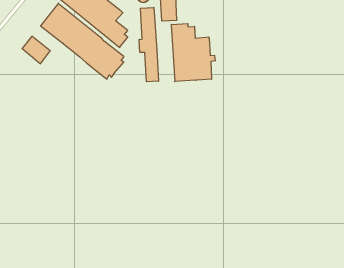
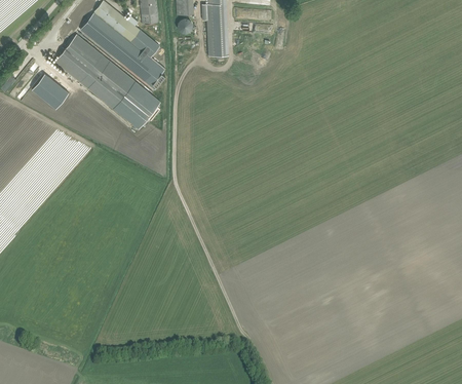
building: [139,7,158,82] -> none
building: [171,24,215,82] -> none

